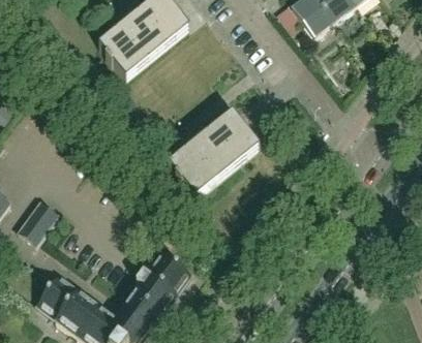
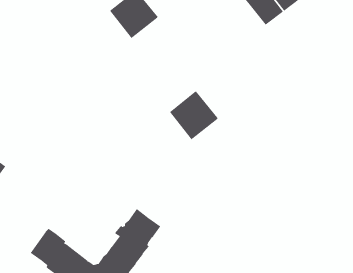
building: [98,19,157,79] -> none
building: [169,137,228,197] -> none
building: [18,201,58,245] -> none

